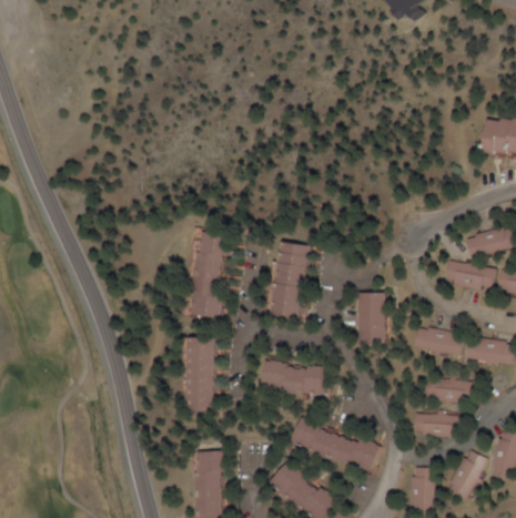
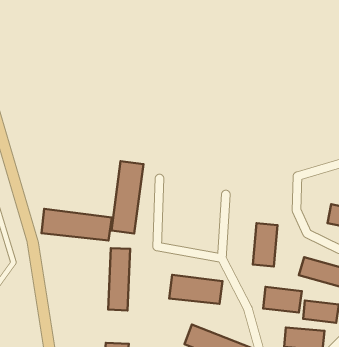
building: [270,242,304,318] -> none
building: none -> [41,209,112,241]
building: none -> [263,287,302,313]

